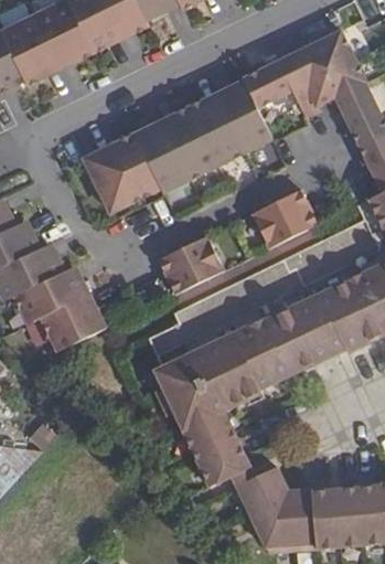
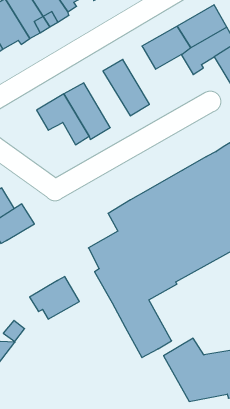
building: [215,78,272,153] -> none
building: [161,105,218,180] -> none
building: [83,149,143,210] -> none
building: [254,191,318,248] -> none
building: [159,235,224,295] -> none
building: [42,294,107,348] -> [30,277,79,319]

